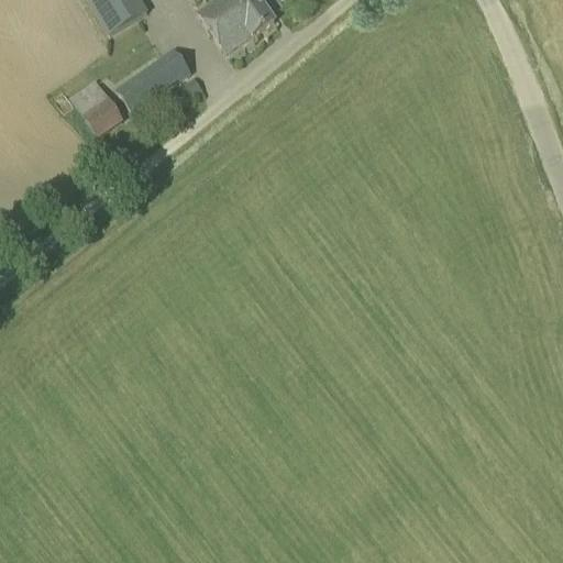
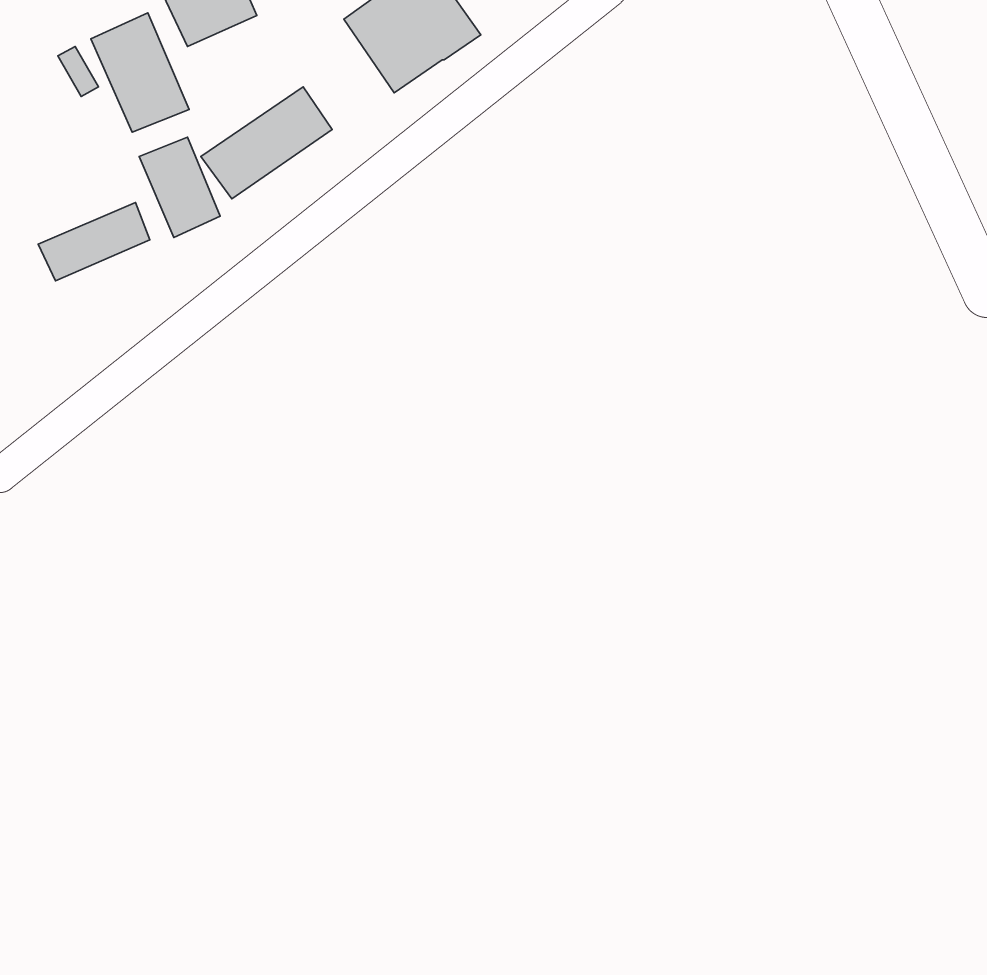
building: none -> [91,13,189,132]
building: none -> [38,202,150,281]

